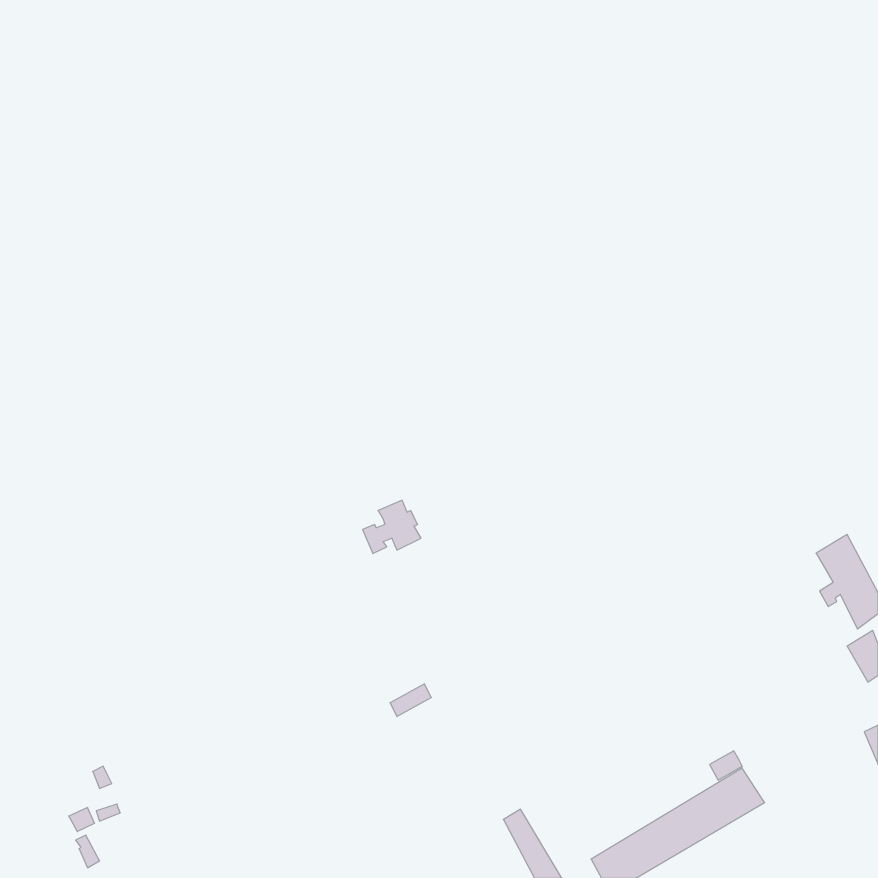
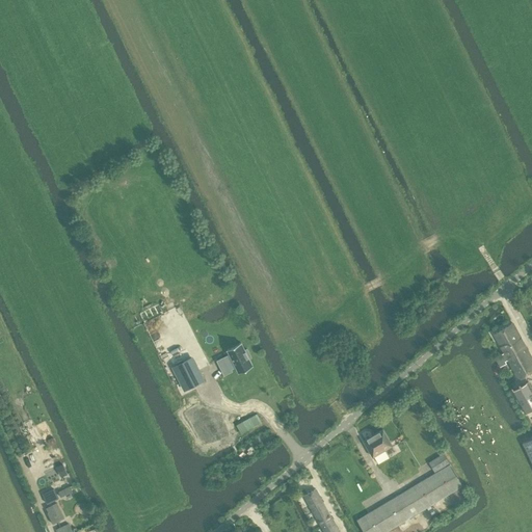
building: [363,500,421,554] -> [217,343,252,375]
building: none -> [171,356,205,392]
building: none -> [364,430,396,457]

